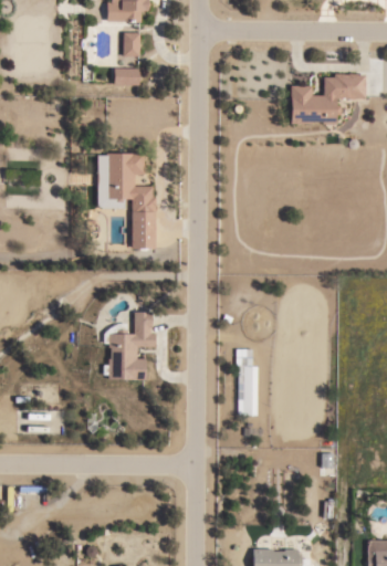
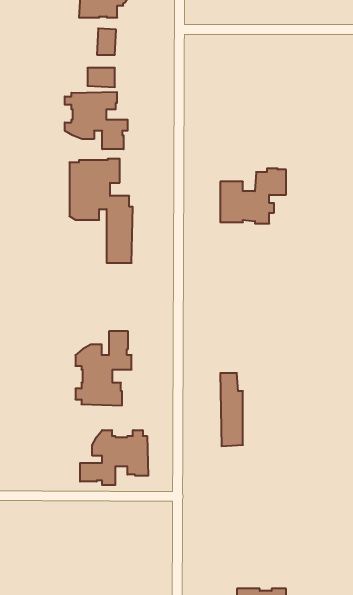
building: [292,73,353,124] -> [220,168,286,224]
building: none -> [65,92,128,149]
building: none -> [80,430,148,485]

